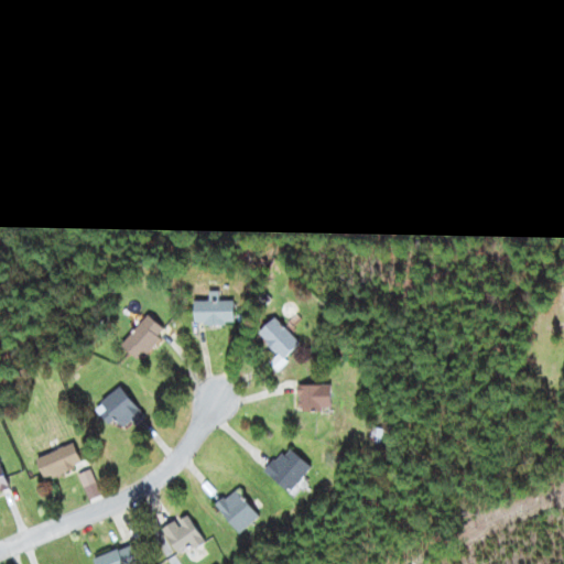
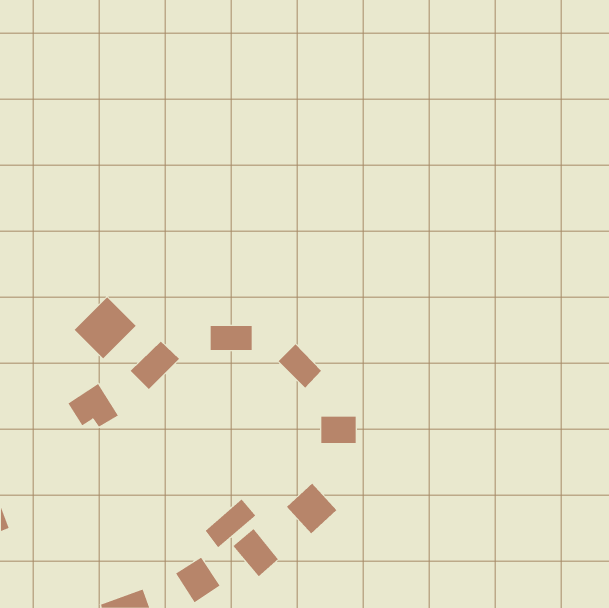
building: none -> [74,296,136,359]
building: [94,387,141,427] -> [68,383,119,427]
building: [35,443,83,481] -> none
building: none -> [205,498,256,548]

